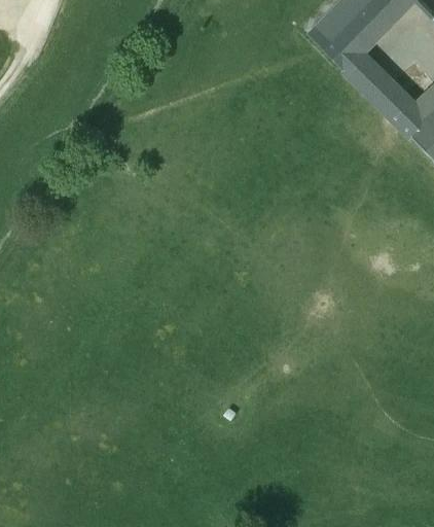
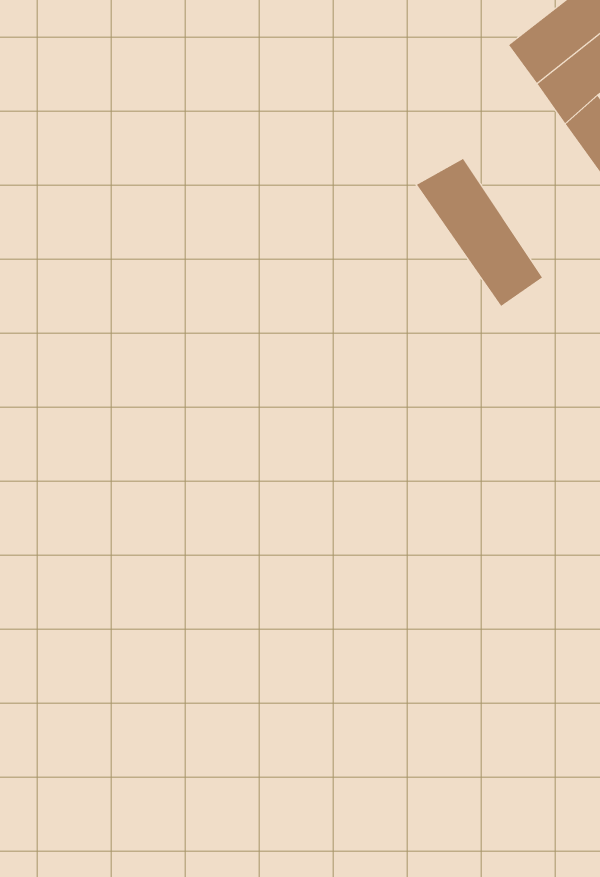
building: none -> [416,158,543,307]

